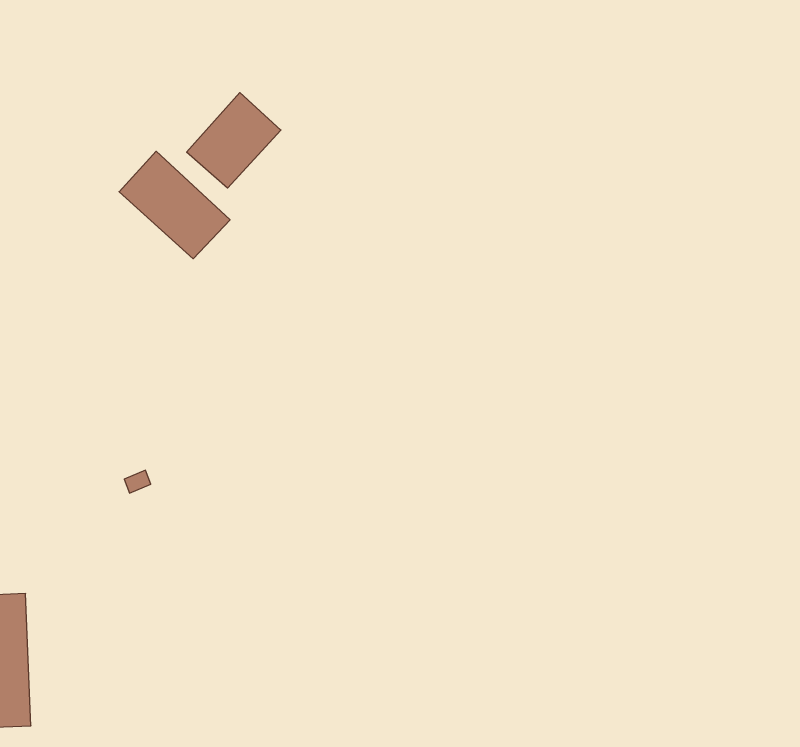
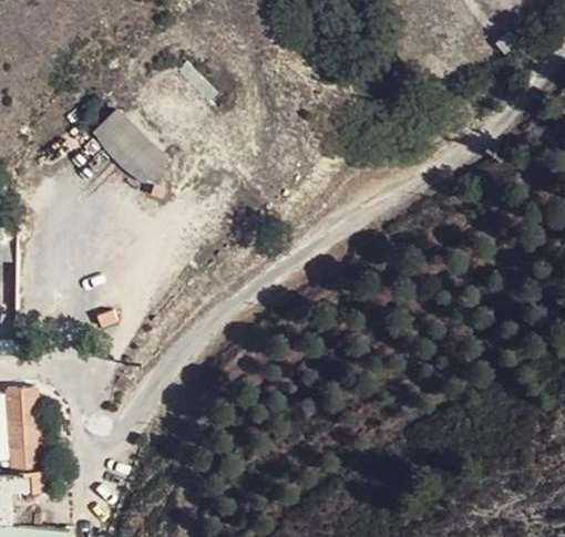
building: [187,93,281,188] -> none

